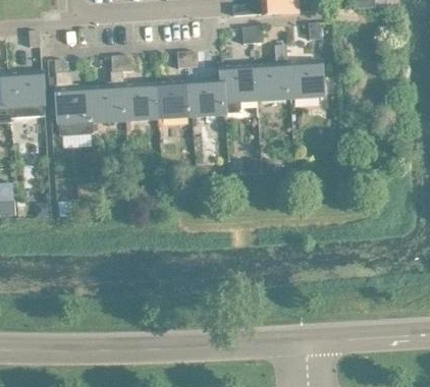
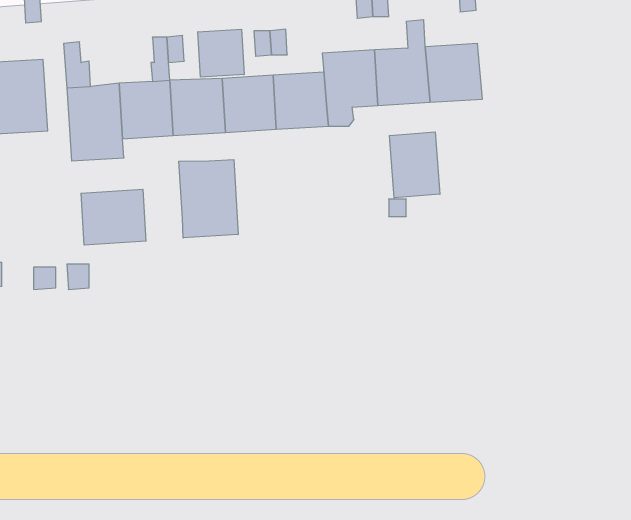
building: none -> [198,29,244,77]
building: none -> [389,132,440,198]
building: none -> [179,160,238,238]
building: none -> [81,189,146,245]

